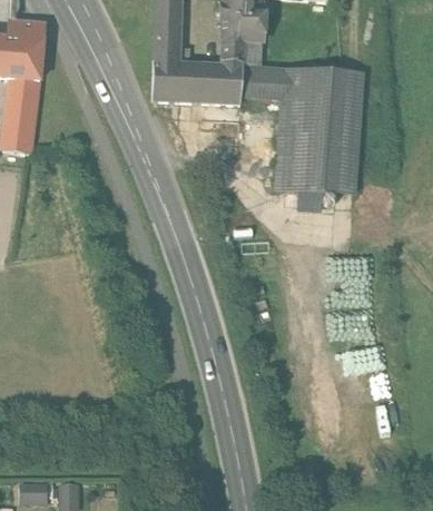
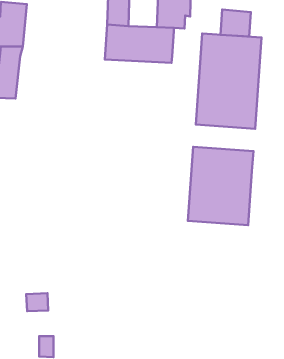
building: [242,61,283,98] -> [221,10,251,36]
building: none -> [188,147,253,225]
building: [19,476,49,501] -> [26,293,48,311]

